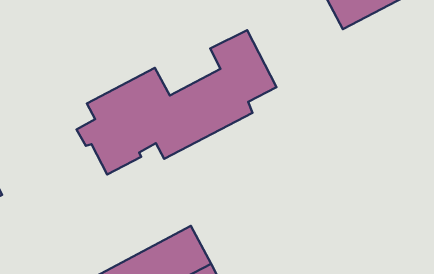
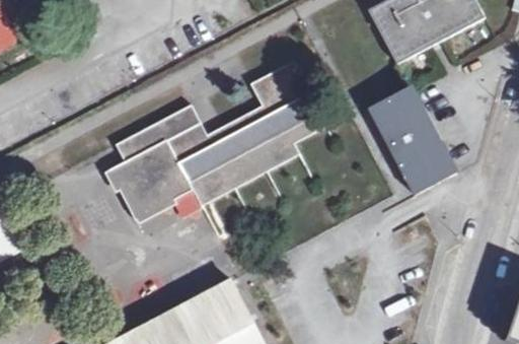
building: none -> [368,87,454,195]

